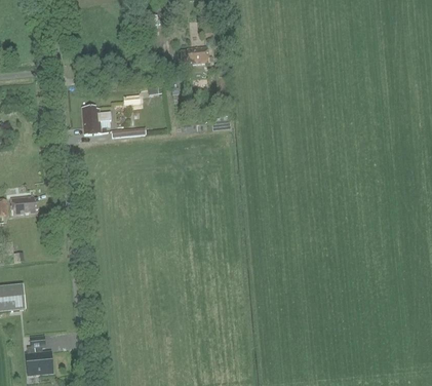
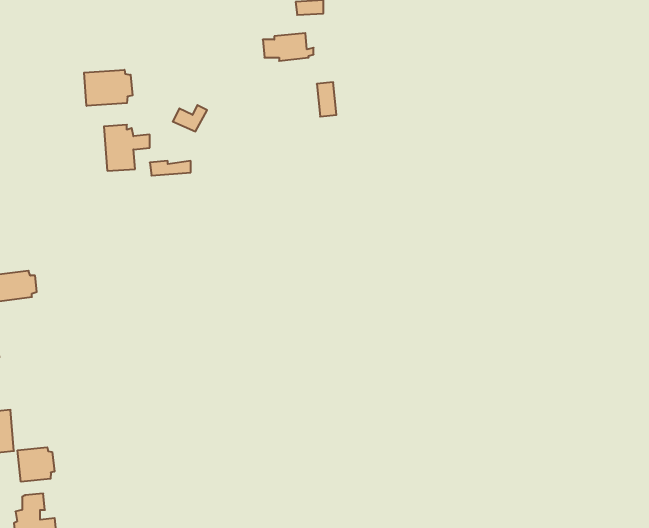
building: none -> [84,70,133,106]
building: none -> [18,447,54,482]

